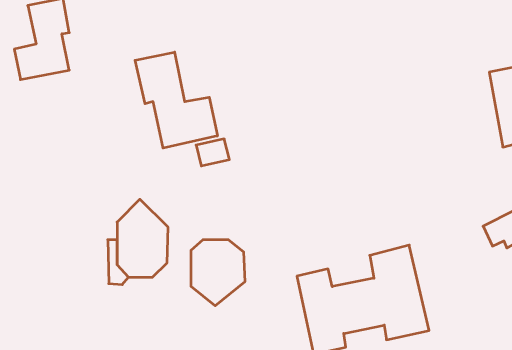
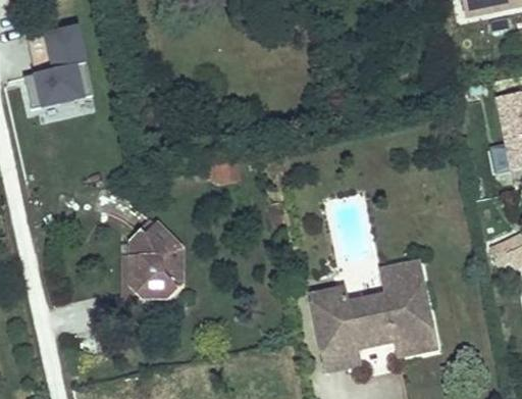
building: [135,52,217,148] -> none
building: [191,240,245,306] -> none

